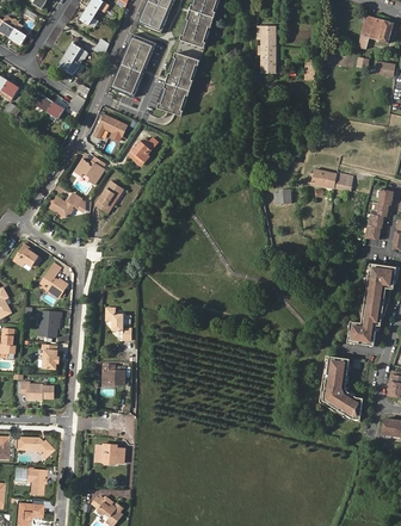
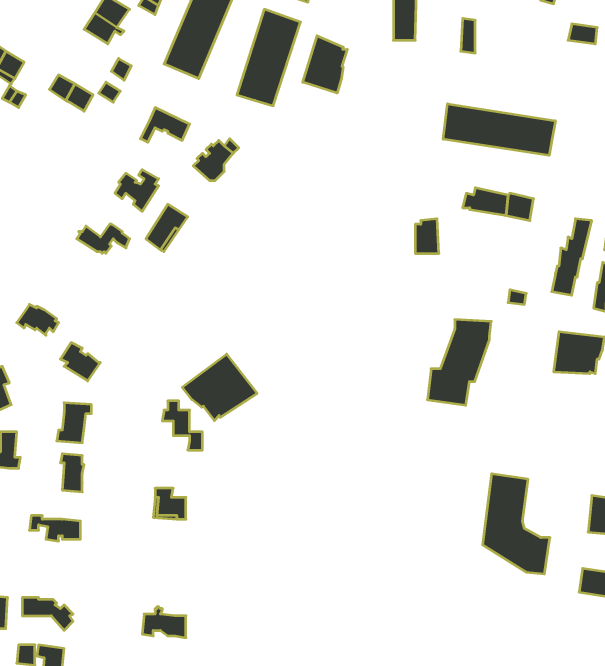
building: none -> [303,36,347,93]
building: none -> [443,104,555,155]
building: none -> [182,354,257,421]
building: [347,290,389,346] -> [427,320,491,405]

